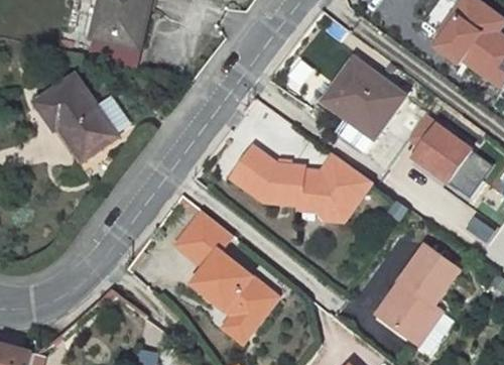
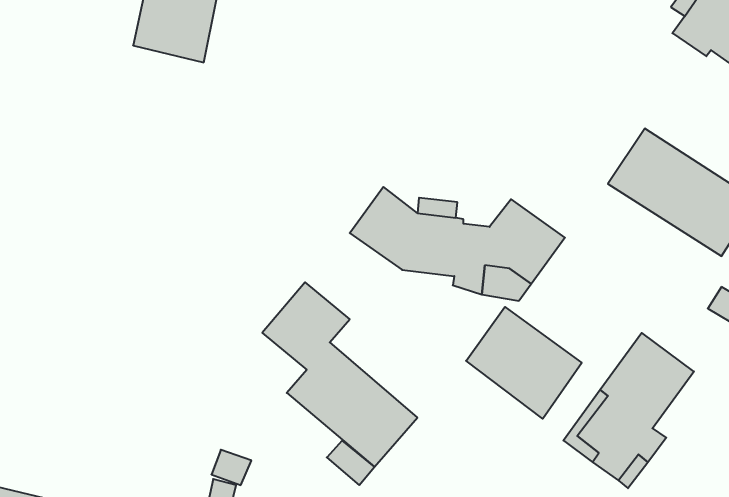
building: [325,59,408,153] -> none
building: [35,76,129,160] -> none
building: none -> [466,307,582,419]

